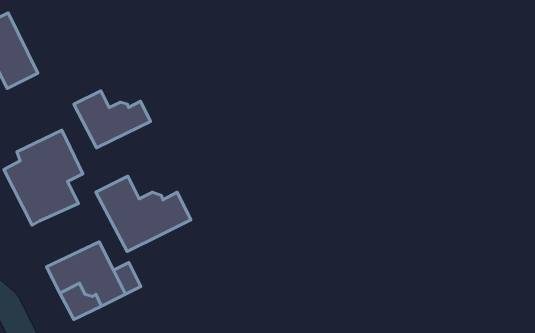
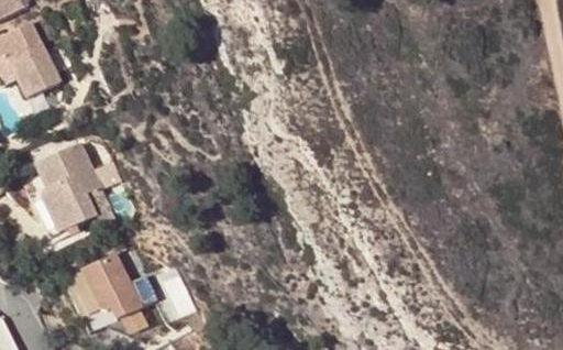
building: [74,91,151,148] -> none
building: [96,176,191,252] -> none

